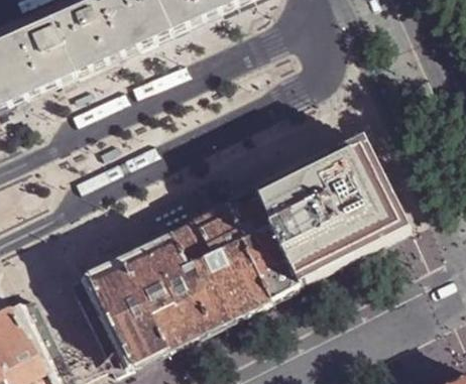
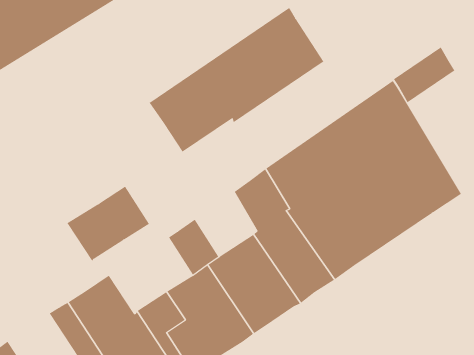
building: none -> [149,7,324,153]
building: none -> [393,46,455,103]
building: [194,204,241,253] -> none
building: [120,233,186,289] -> [67,186,150,262]

